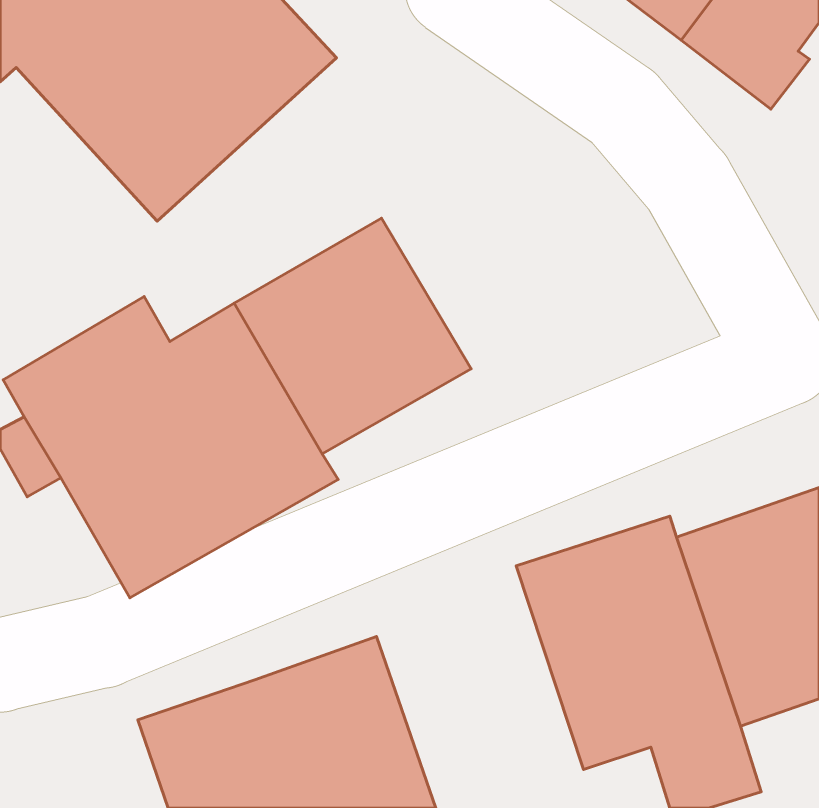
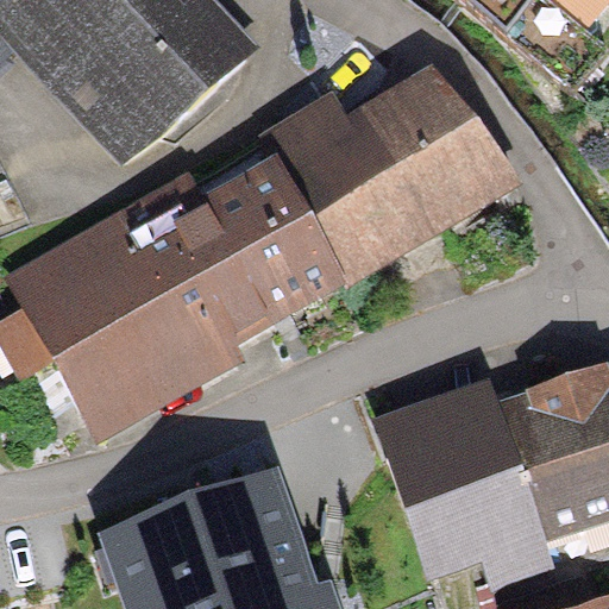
building: none -> [280,54,516,280]

